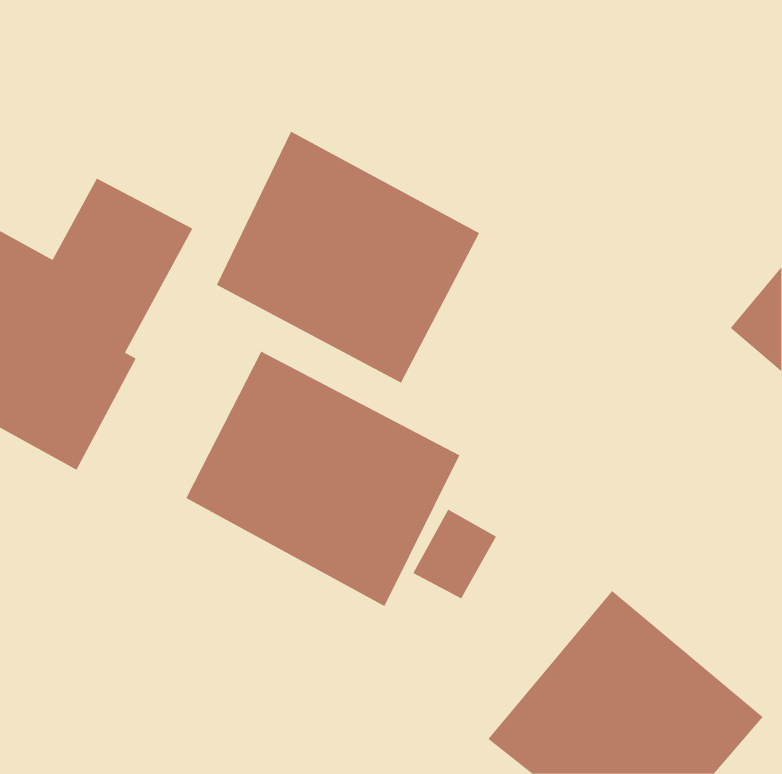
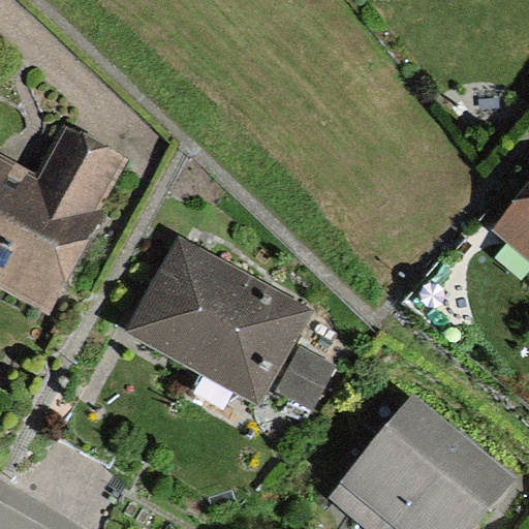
building: [216,131,480,383] -> none

